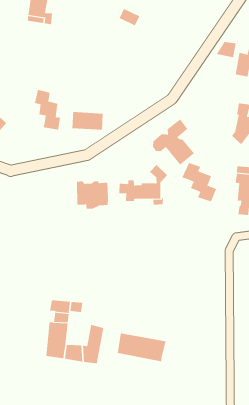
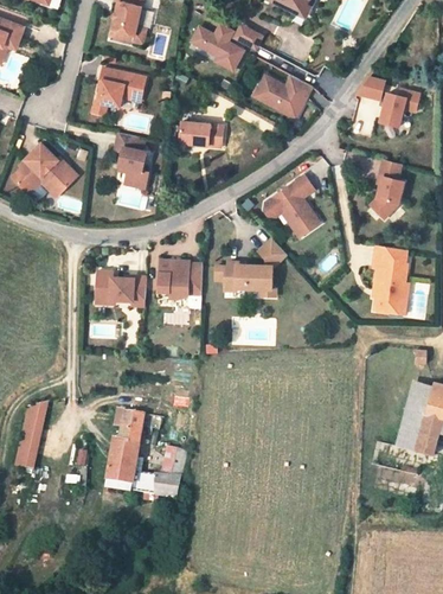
building: none -> [187,26,239,72]
building: none -> [246,76,304,120]
building: none -> [90,68,143,116]
building: [72,112,104,130] -> [178,120,222,147]
building: [182,162,217,202] -> none
building: none -> [96,268,147,304]
building: [117,333,166,362] -> none

